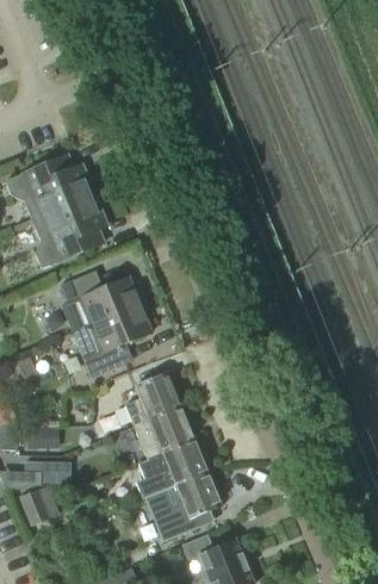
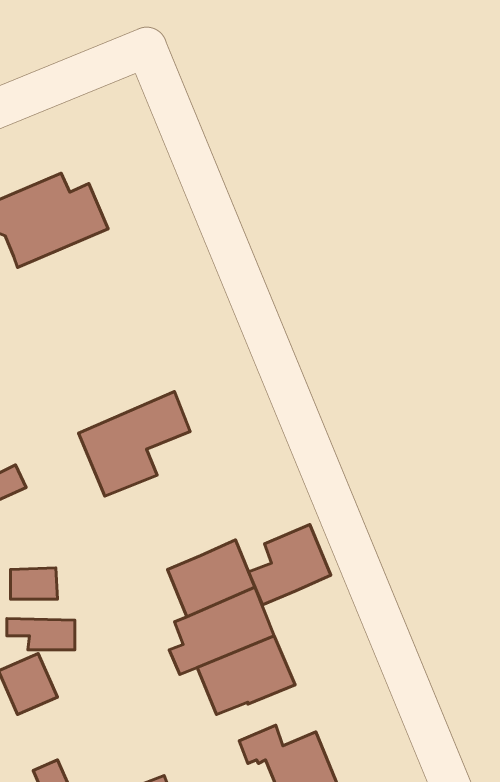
building: [31,194,105,267] -> none
building: [58,272,138,334] -> none
building: [124,372,180,427] -> [249,525,331,605]

